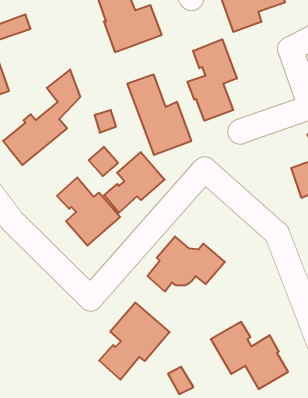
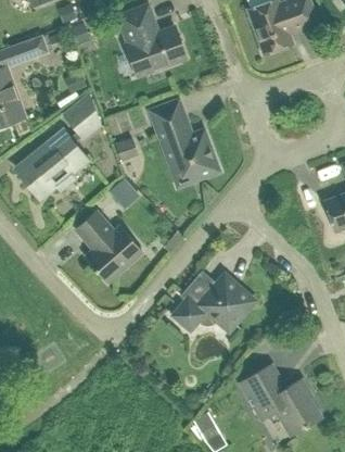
building: [187,39,237,121] -> none
building: [104,152,165,213] -> none
building: [99,303,170,380] -> none

